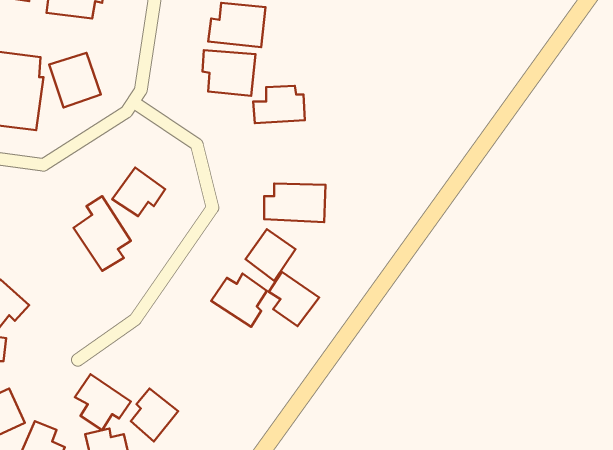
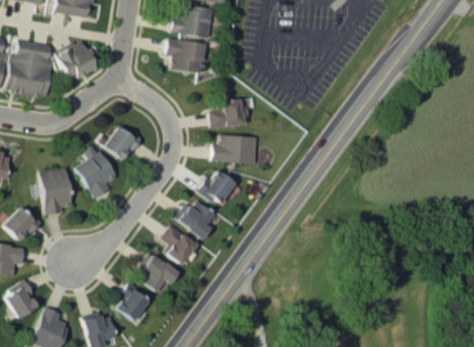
building: [253,86,305,123] -> [211,100,248,127]
building: none -> [41,168,72,215]
building: [269,272,319,326] -> [161,225,197,264]
building: [75,374,131,430] -> [138,252,179,292]

